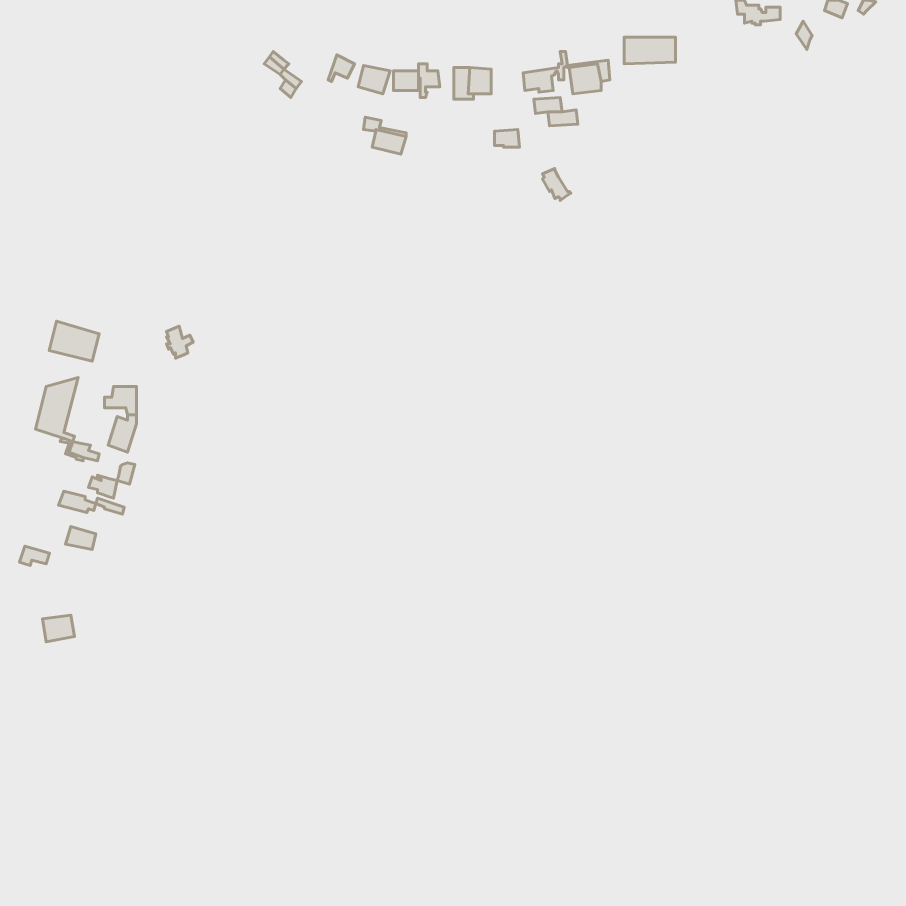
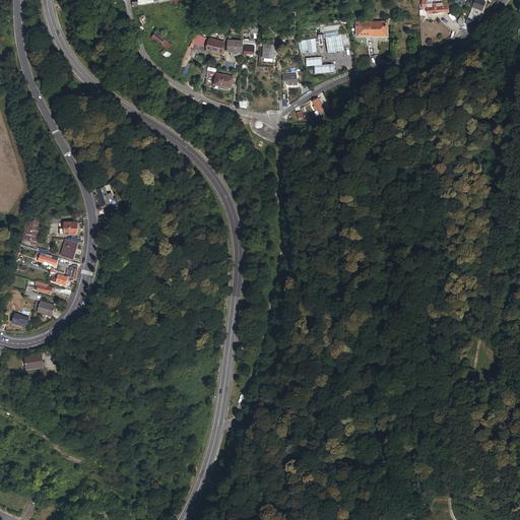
building: [49,321,99,361] -> none

